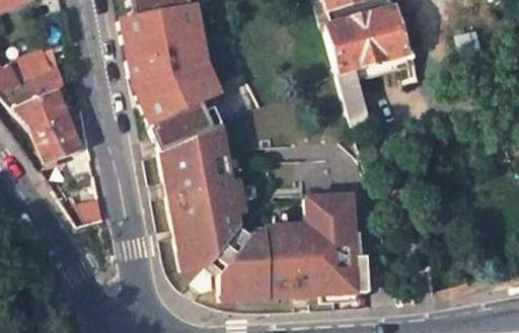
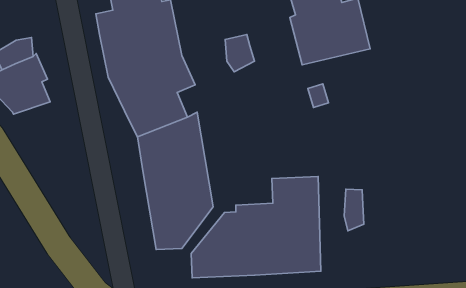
building: none -> [225,35,254,72]
building: [29,115,85,164] -> none
building: none -> [344,189,364,231]

